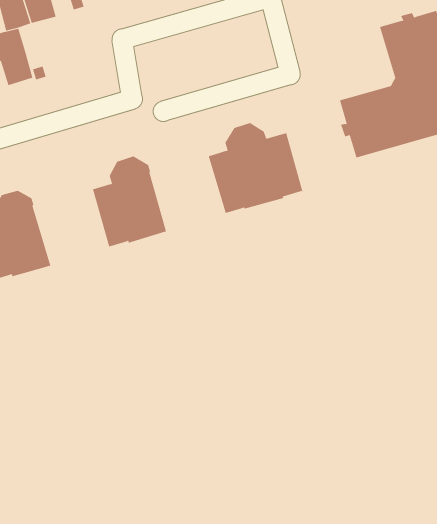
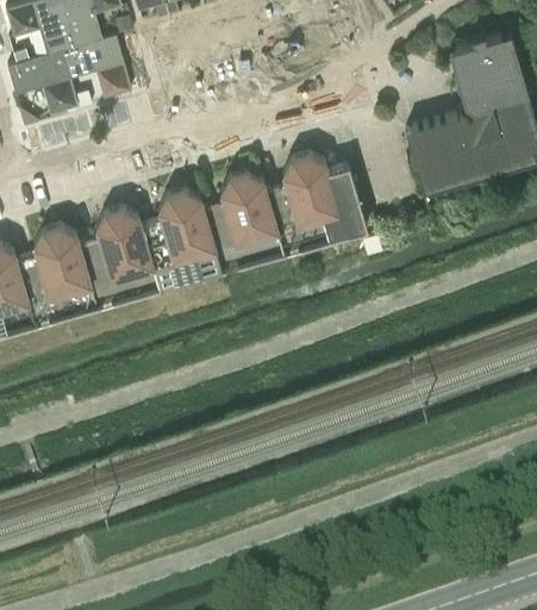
building: none -> [61,35,131,98]
building: none -> [201,170,282,269]
building: none -> [76,207,157,306]

